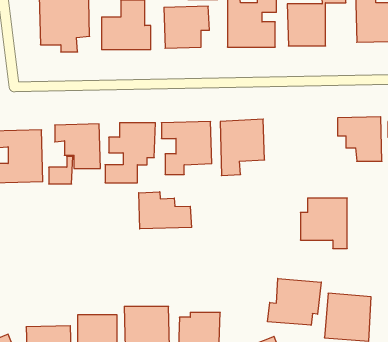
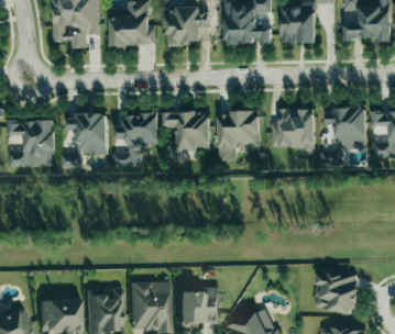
building: [139,192,192,229] -> none
building: [300,198,347,248] -> [272,109,315,155]
building: [268,278,321,325] -> none

